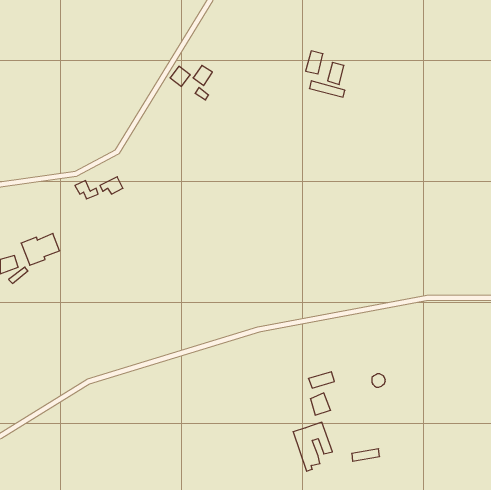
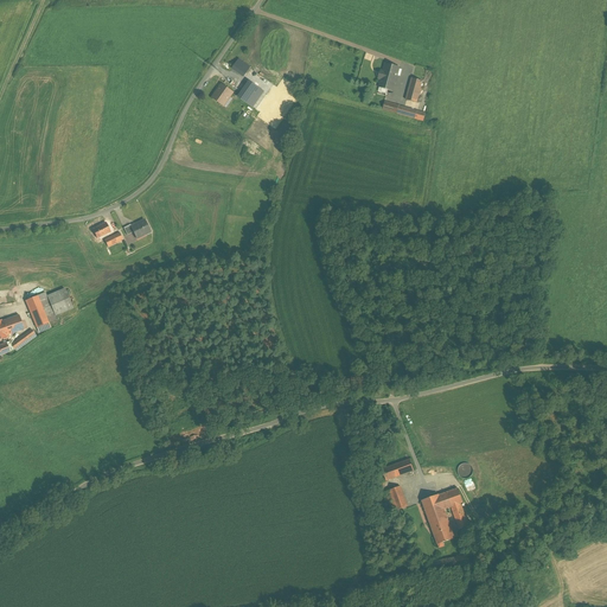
building: [293,422,332,471] -> [421,488,469,549]

